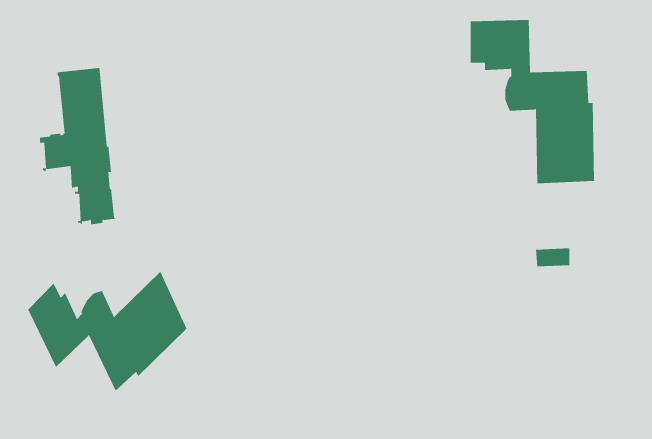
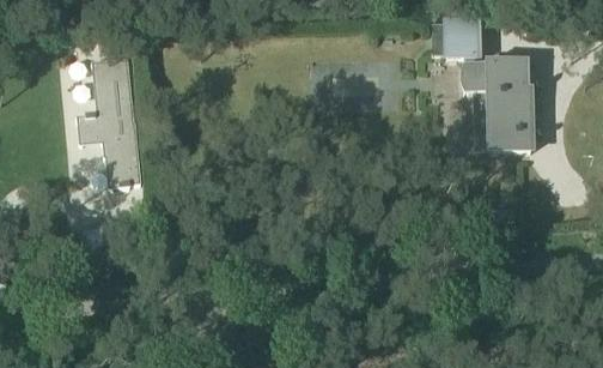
building: [28,271,187,392] -> none

